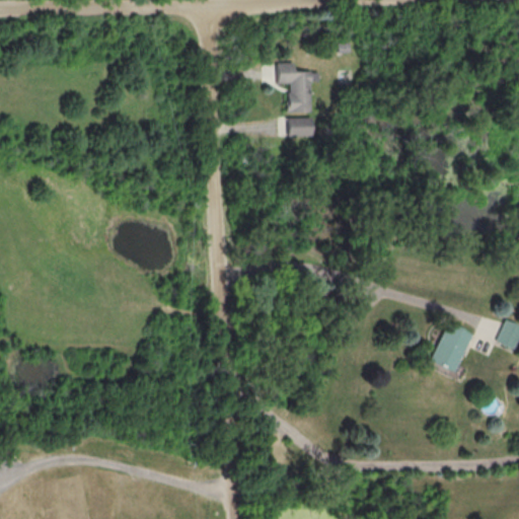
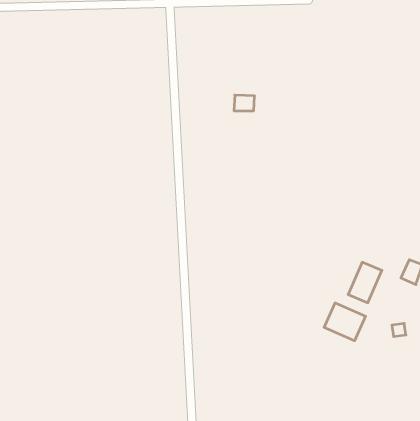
building: [280,63,321,114] -> none
building: none -> [324,303,366,341]

